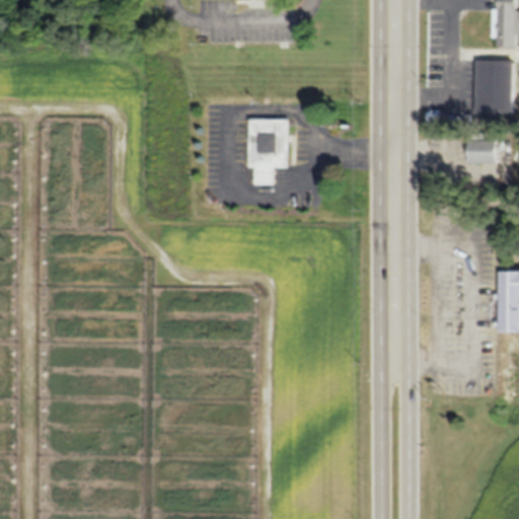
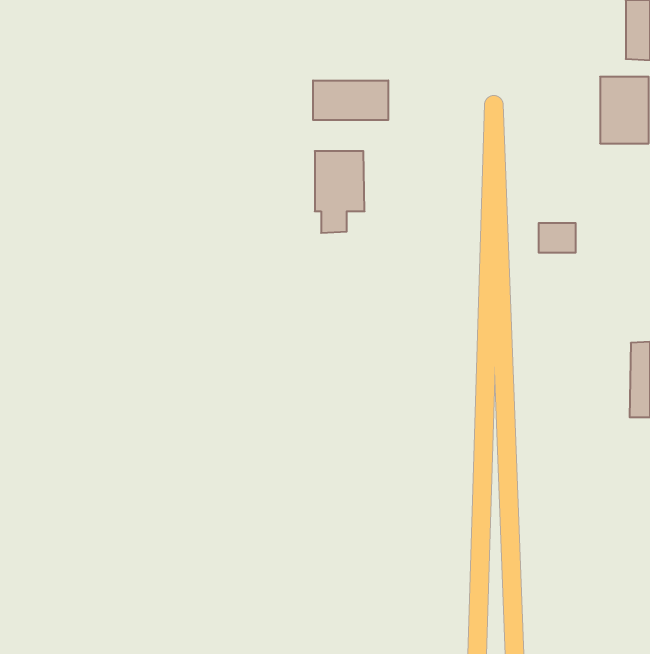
building: none -> [313,80,388,120]
building: [468,141,498,164] -> [539,223,576,253]

